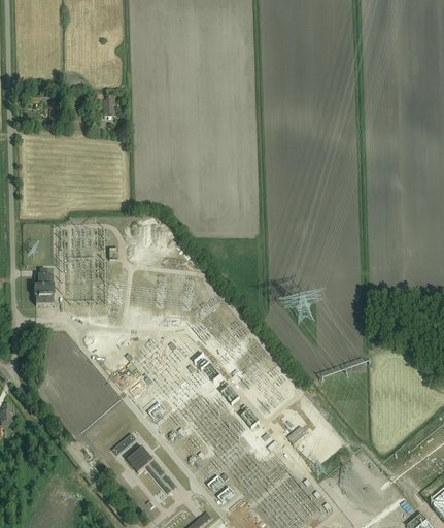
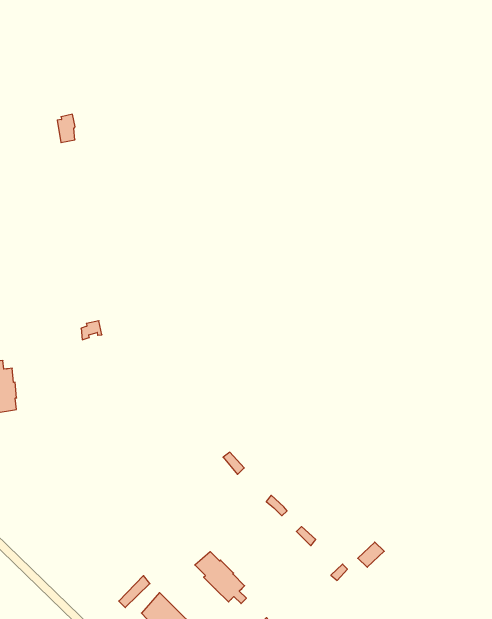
building: none -> [195,552,246,604]

